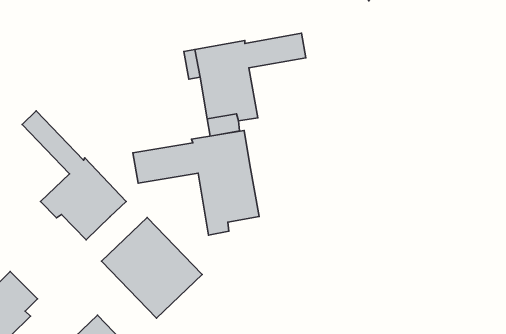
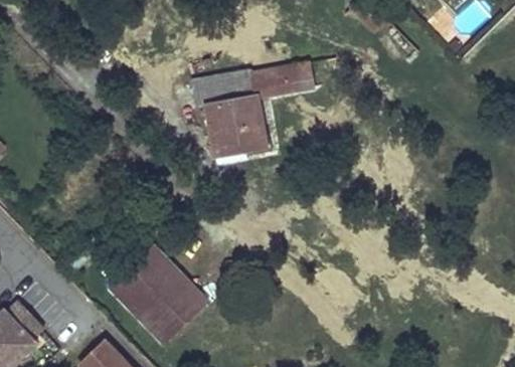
building: [22,111,126,240] -> none
building: [133,130,259,235] -> none

